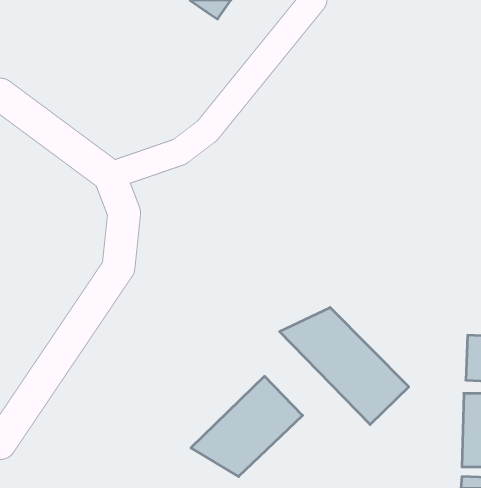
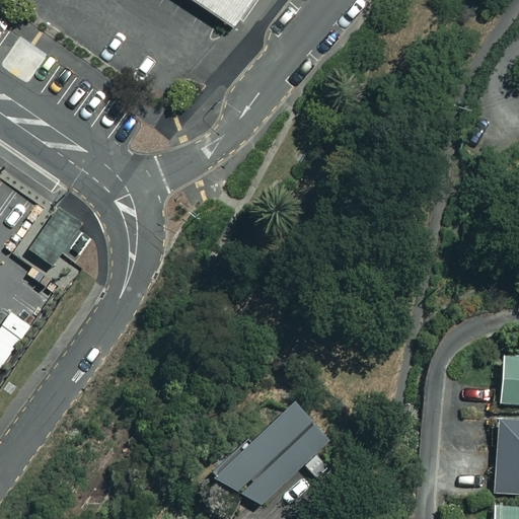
building: [280,307,409,425] -> none

